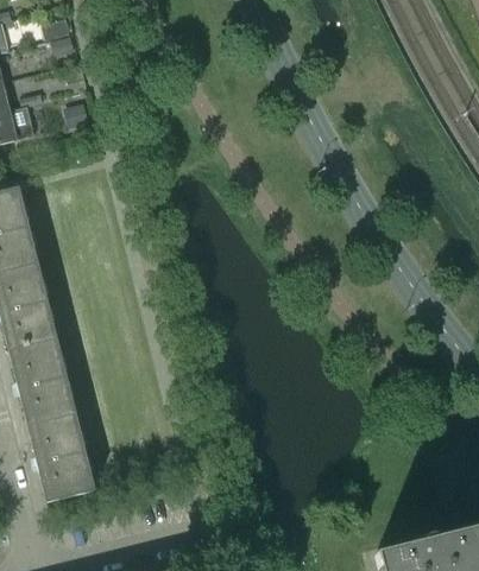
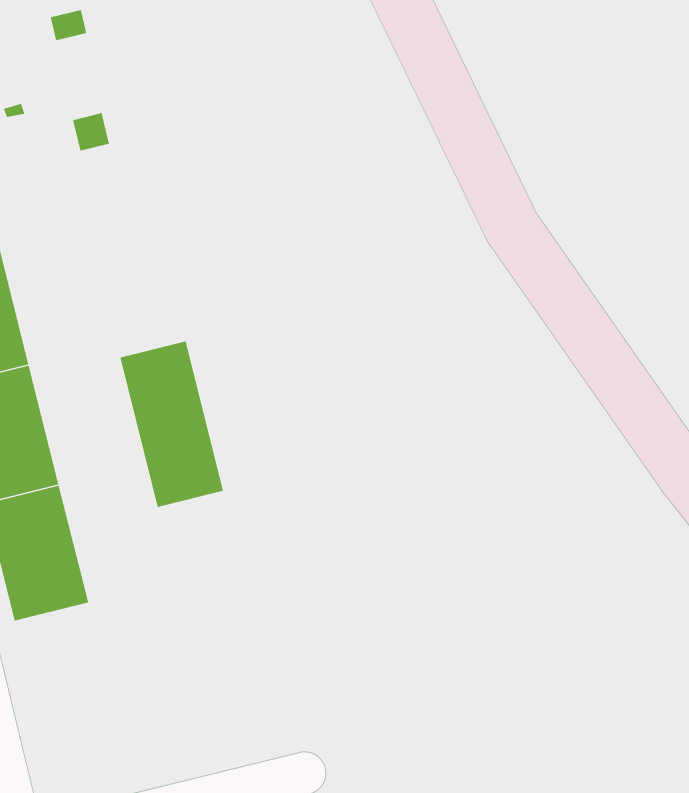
building: none -> [120,341,224,508]
building: [26,413,93,501] -> none

